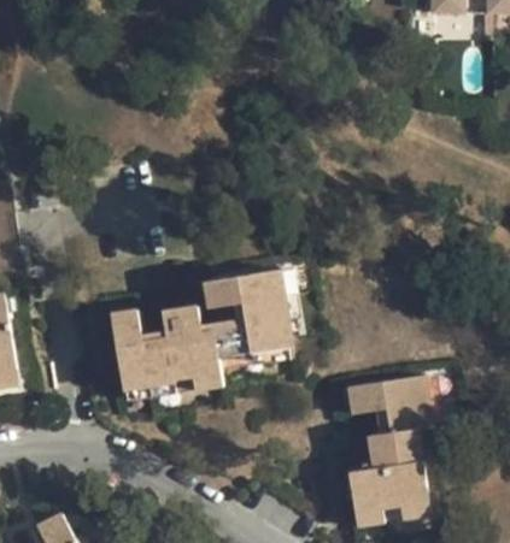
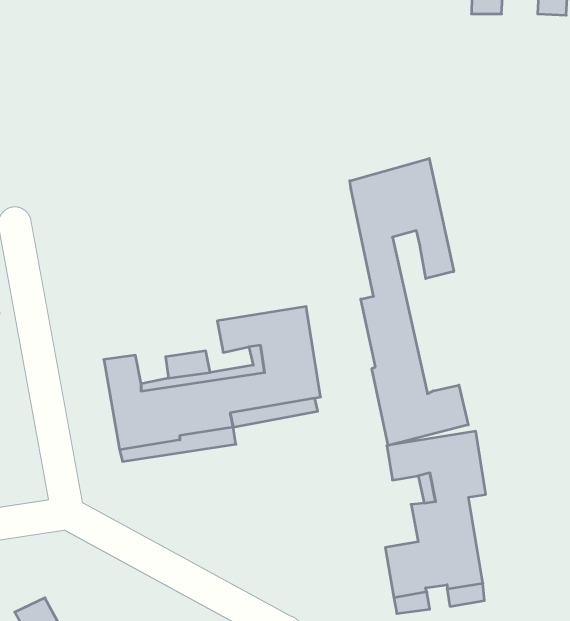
building: none -> [350,158,468,445]

